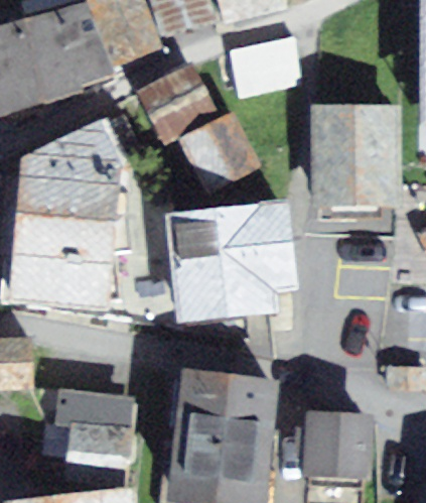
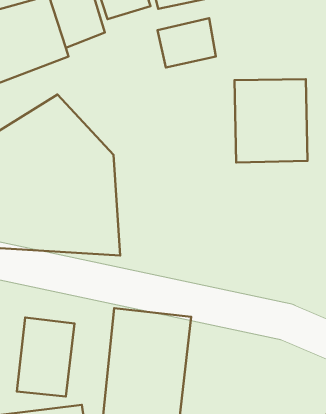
building: [137,60,216,137] -> none
building: [178,113,260,195] -> none
building: [176,201,309,321] -> none
building: [294,413,360,478] -> none

